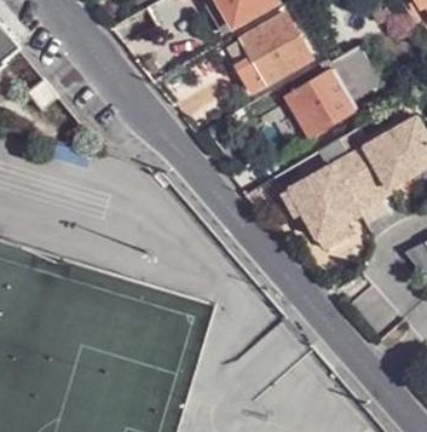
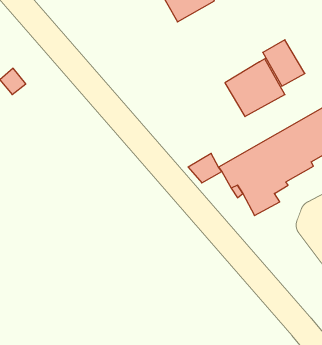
building: [236,13,311,91] -> none

